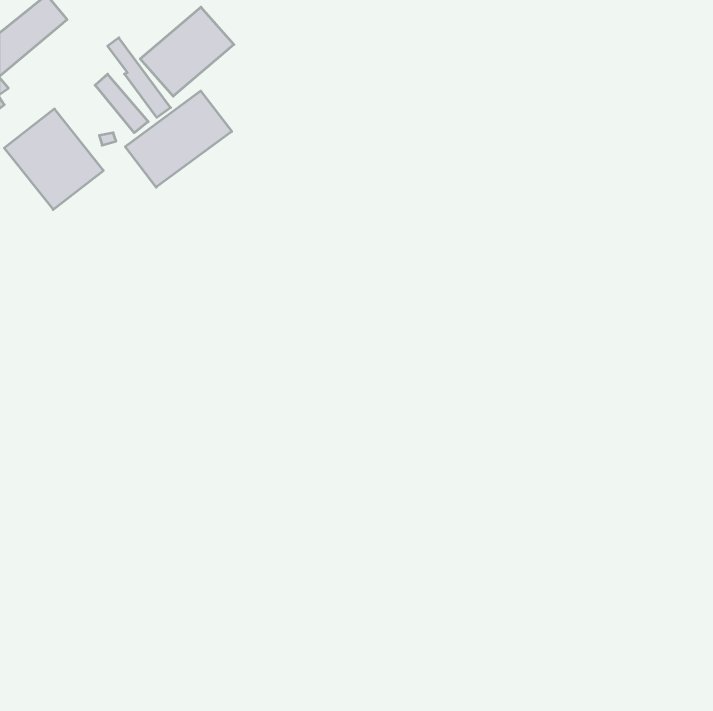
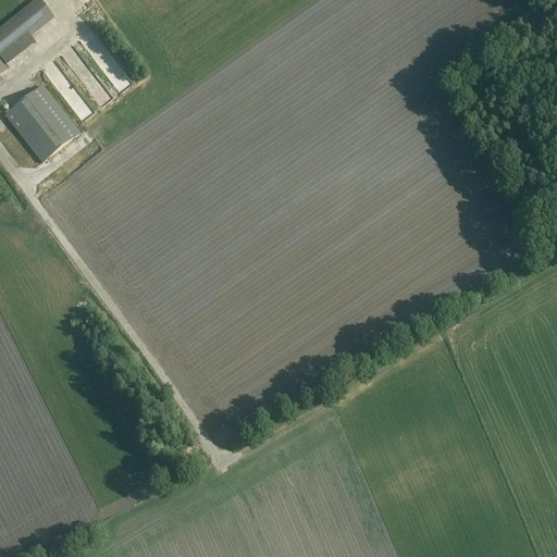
building: [140,7,234,96] -> none
building: [125,91,232,187] -> none

